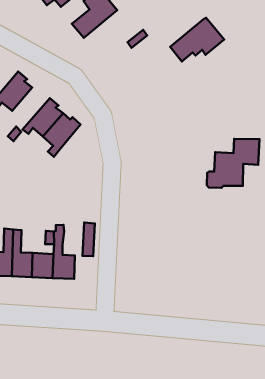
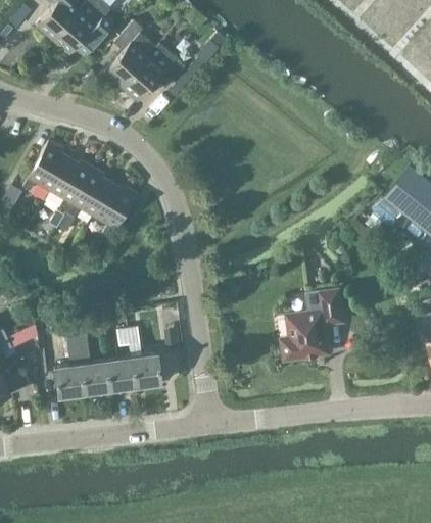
building: [170,18,224,61] -> [123,46,187,104]
building: none -> [51,160,94,213]
building: [207,139,259,188] -> [284,291,344,361]

